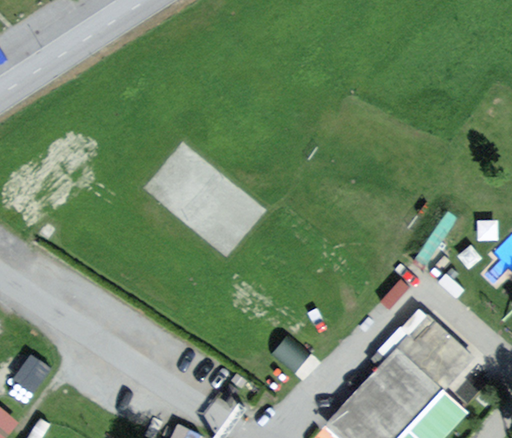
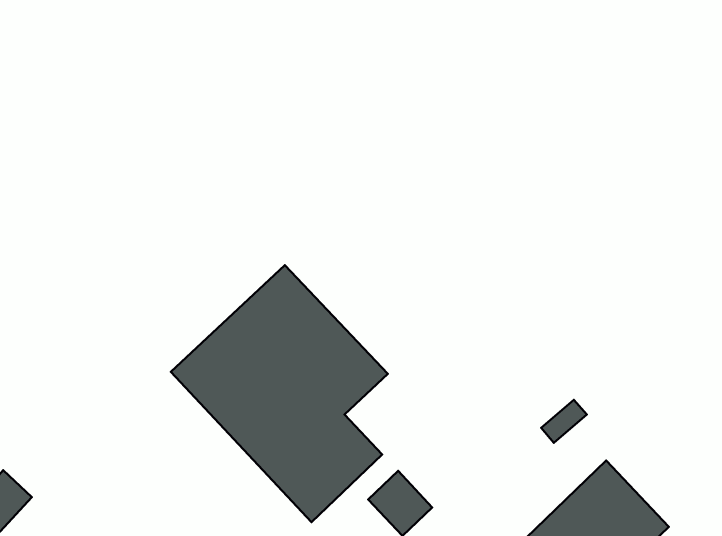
building: none -> [171,265,388,522]

